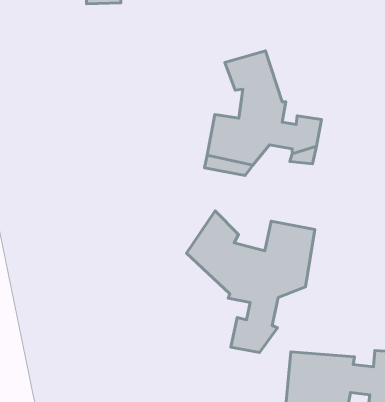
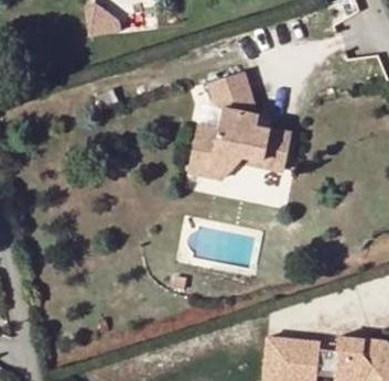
building: [186,211,315,353] -> none

